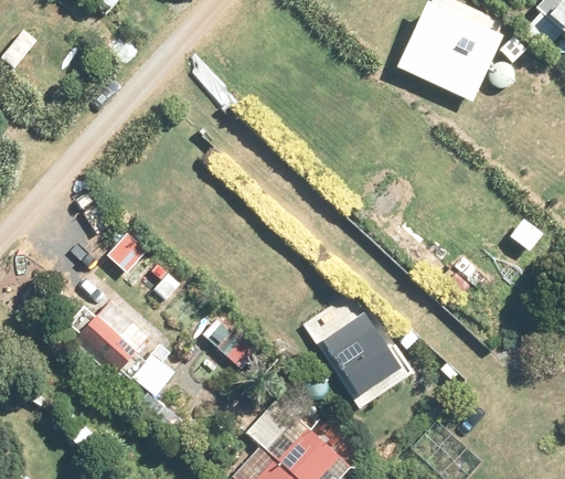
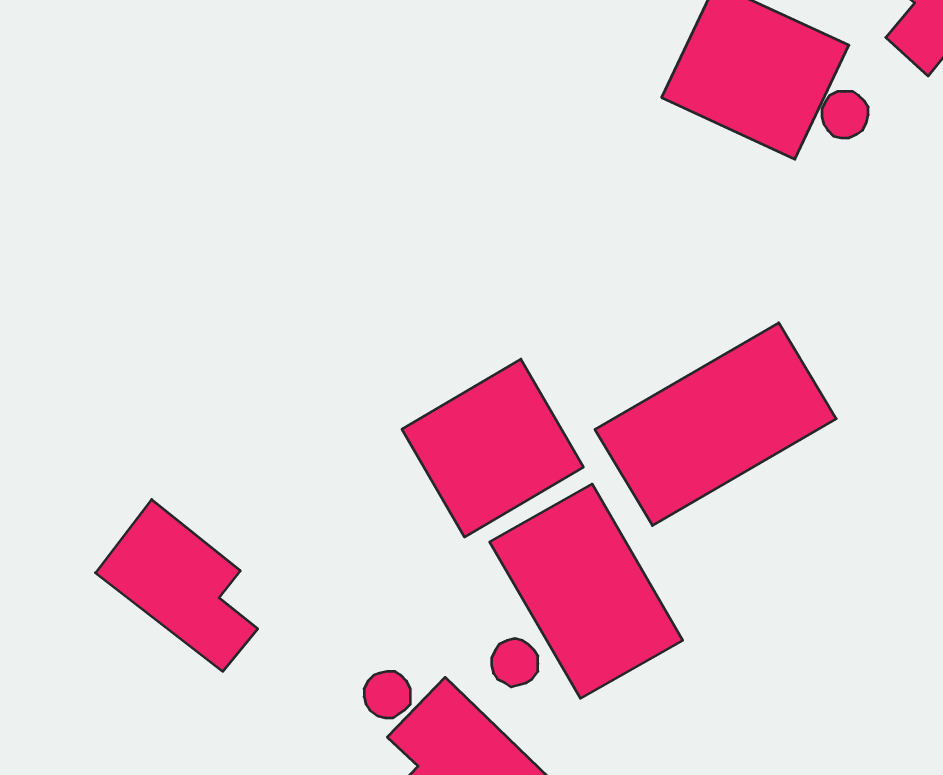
building: none -> [595,323,836,526]
building: none -> [402,359,583,537]

